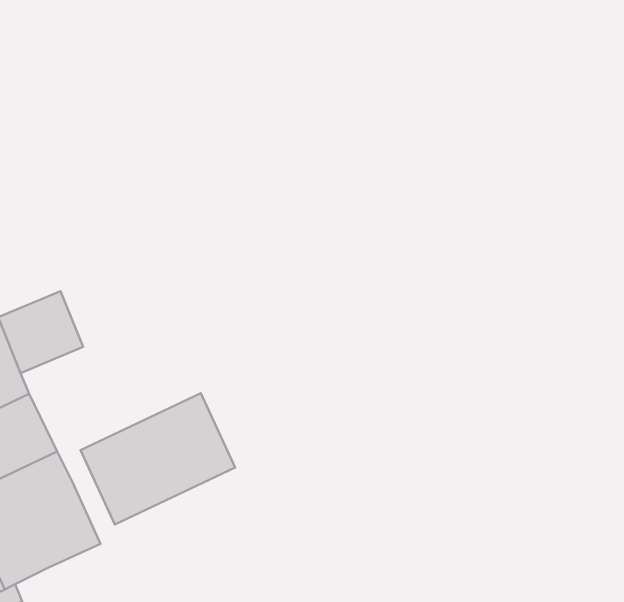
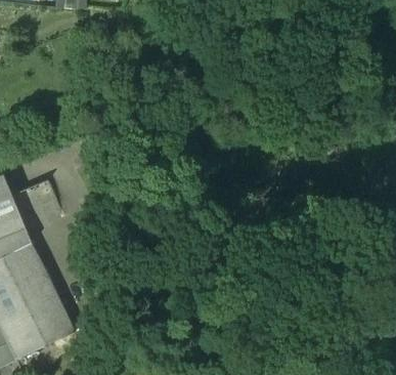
building: [81,393,235,525] -> none

